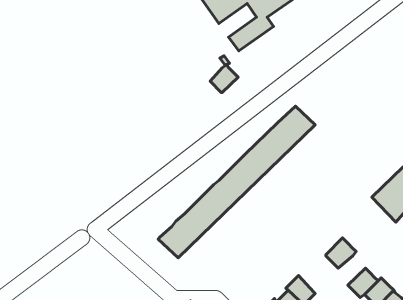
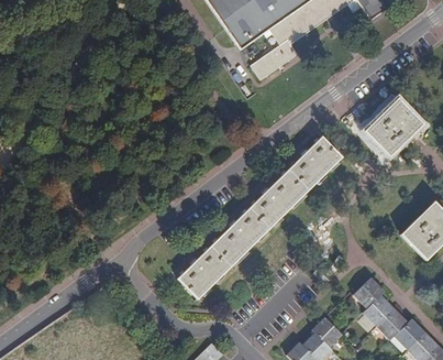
building: [210,65,238,93] -> none
building: none -> [365,98,423,156]
building: none -> [363,295,395,326]

